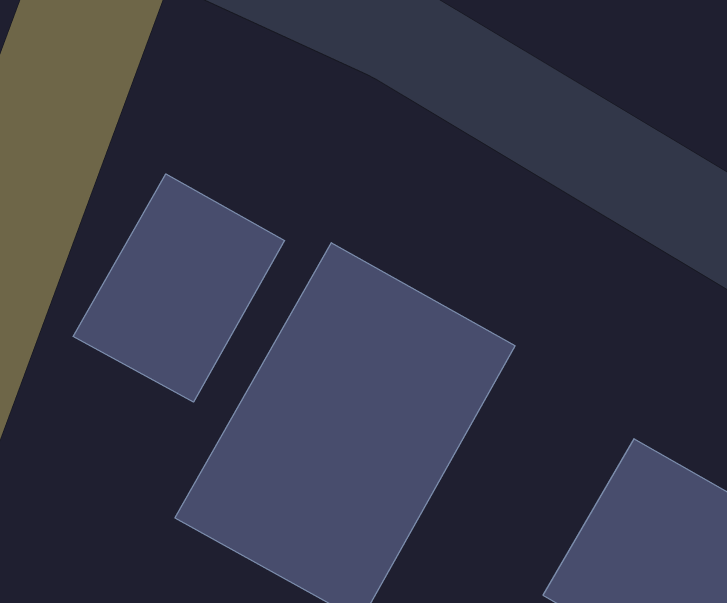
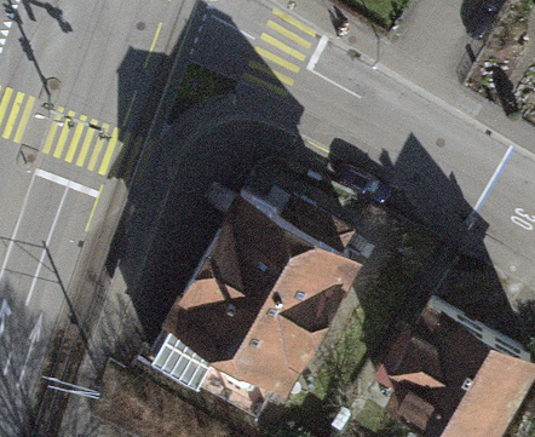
building: [73,174,285,402] -> none

